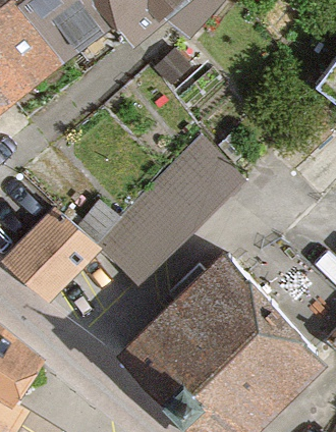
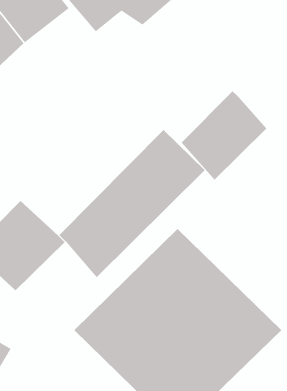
building: none -> [181,90,267,181]

